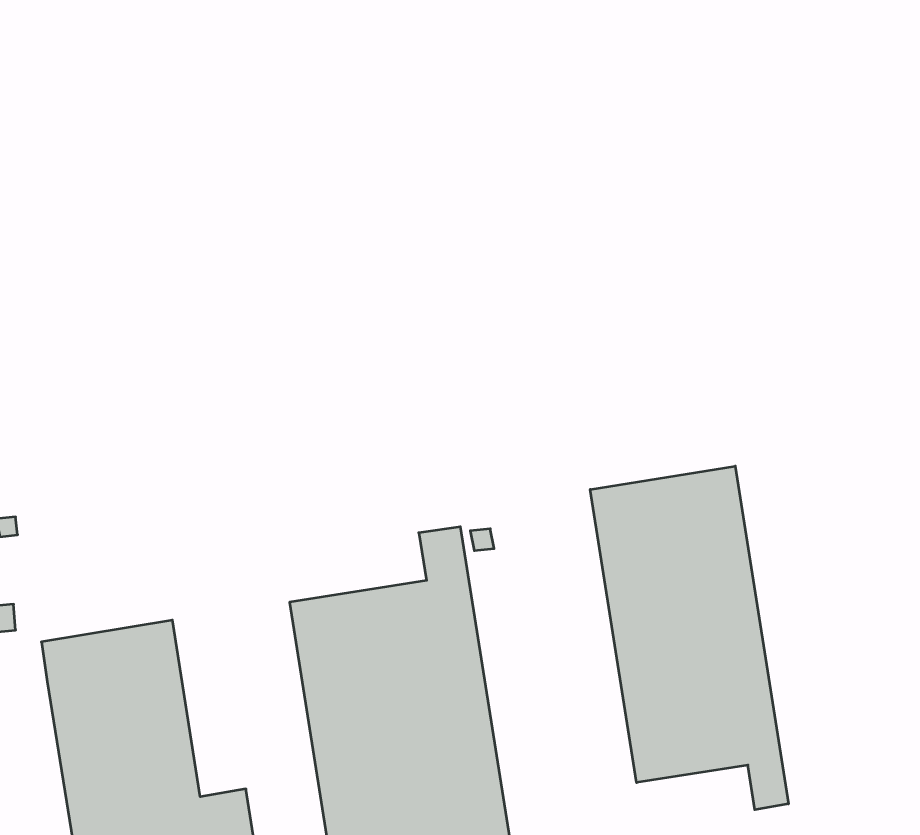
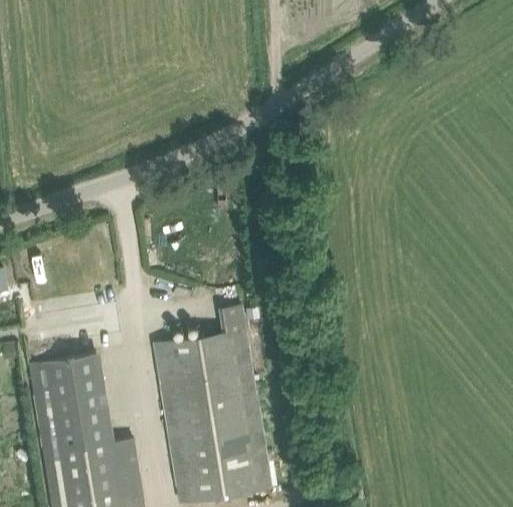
building: [590,466,788,810] -> none

